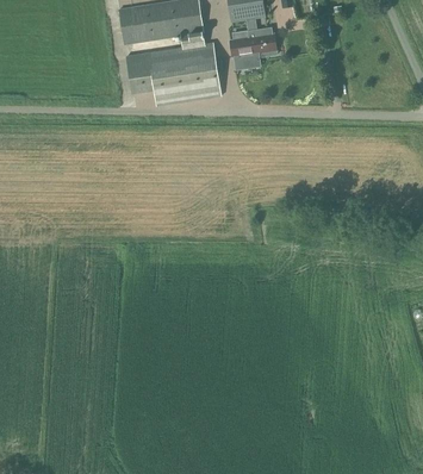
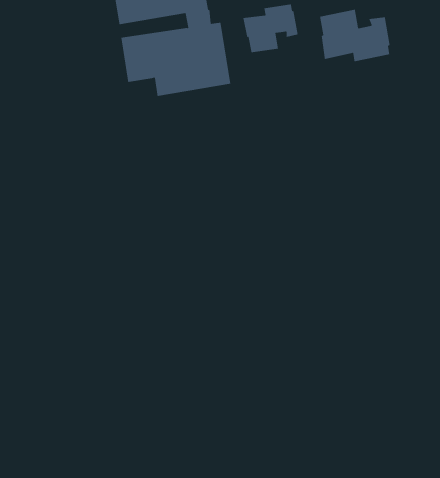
building: none -> [320,9,390,62]

